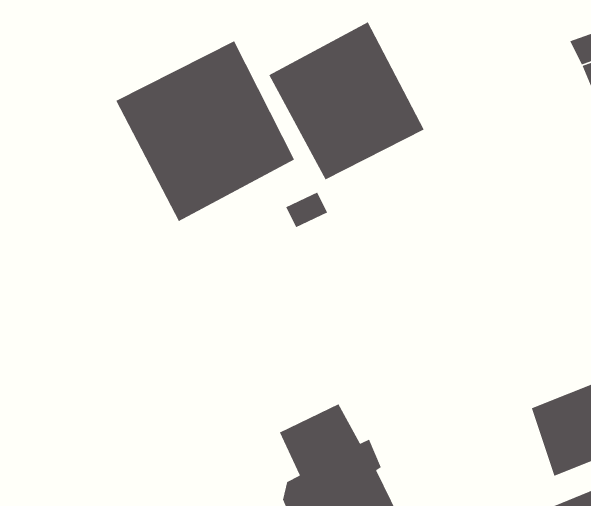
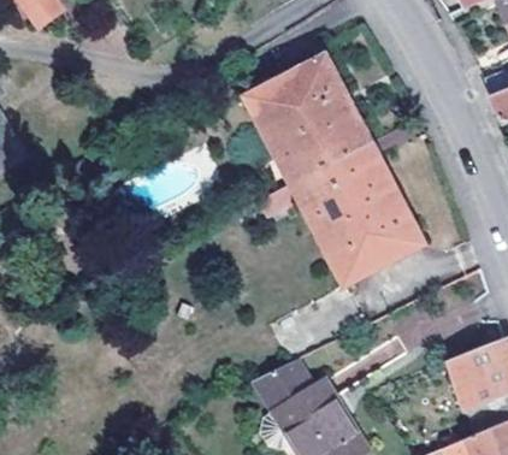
building: [115,40,295,222] -> none
building: none -> [290,141,421,282]

